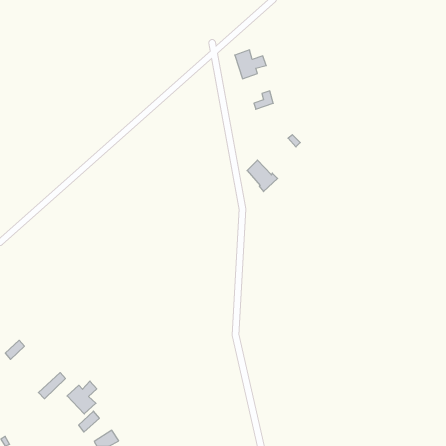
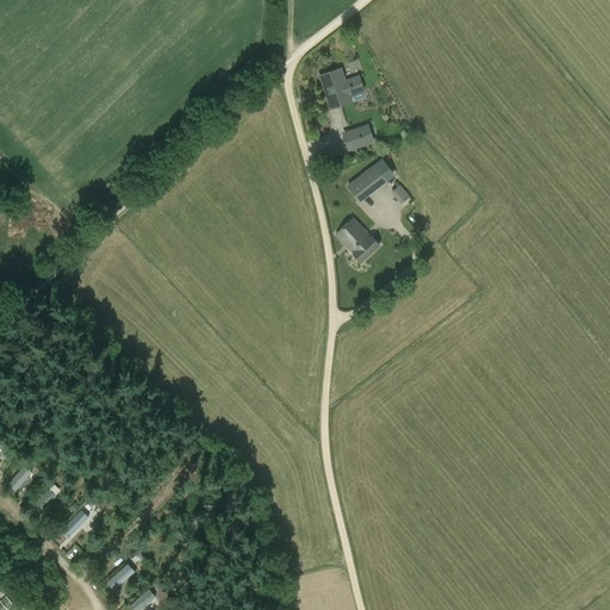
building: none -> [347,163,387,201]
building: [67,381,97,414] -> none

